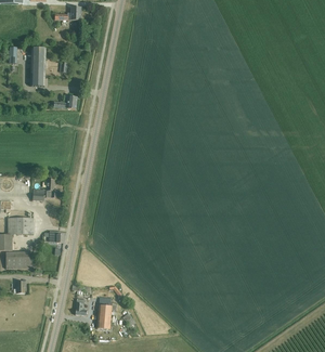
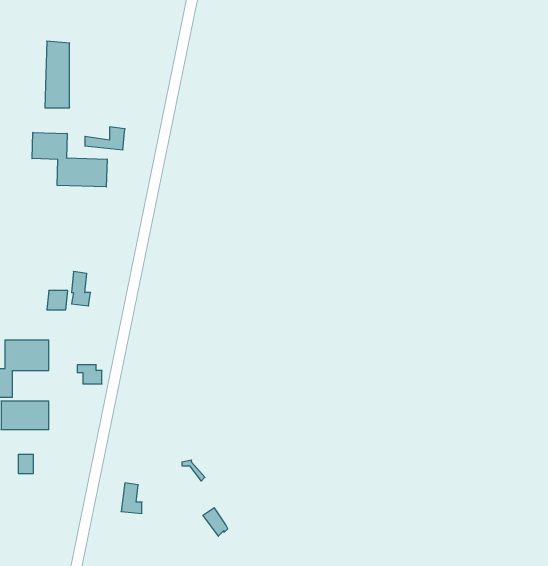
building: none -> [32,132,107,187]
building: [95,297,116,329] -> none

